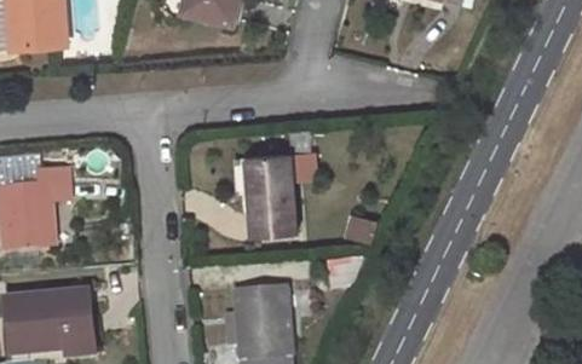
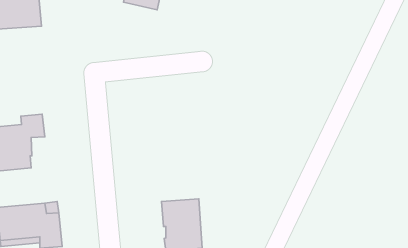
building: [244,152,296,237] -> none

